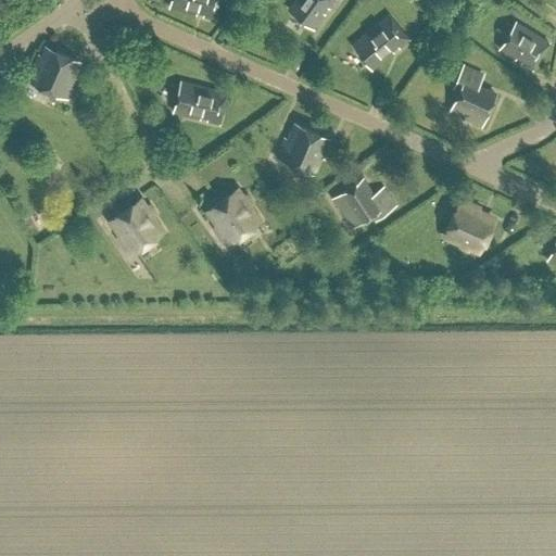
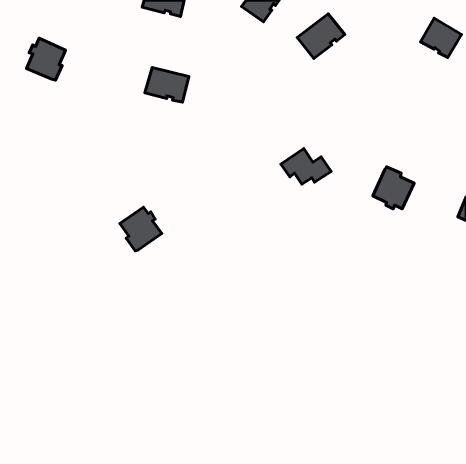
building: [453,67,495,124] -> none
building: [277,125,327,174] -> none
building: [208,191,257,243] -> none
building: [111,201,161,253] -> [120,207,162,251]

